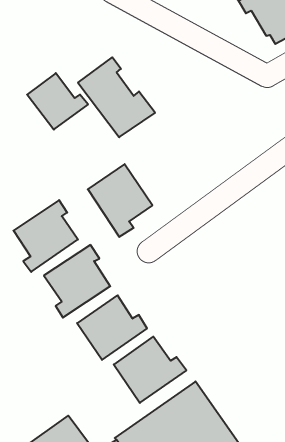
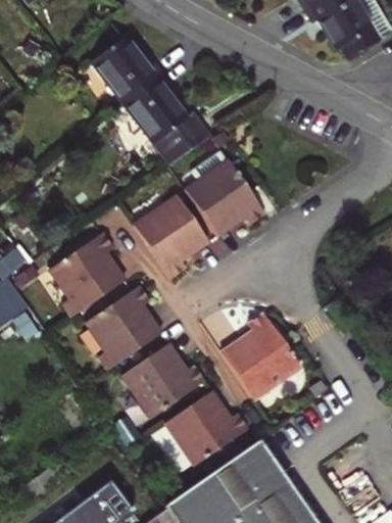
building: [27,73,88,130] -> [93,38,162,102]
building: none -> [186,160,265,236]
building: none -> [223,319,296,401]

